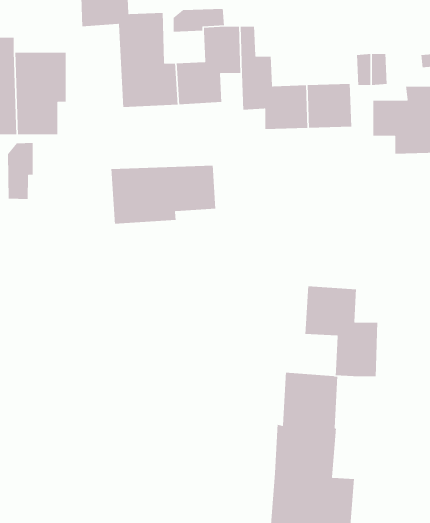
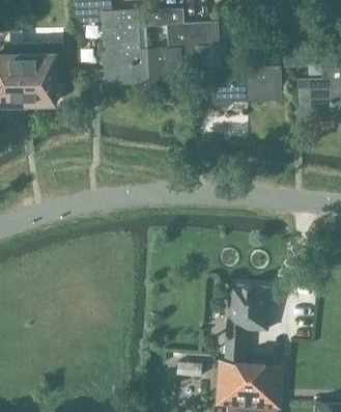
building: [7,142,34,200] -> none
building: [111,165,216,225] -> none
building: [304,286,378,377] -> none

